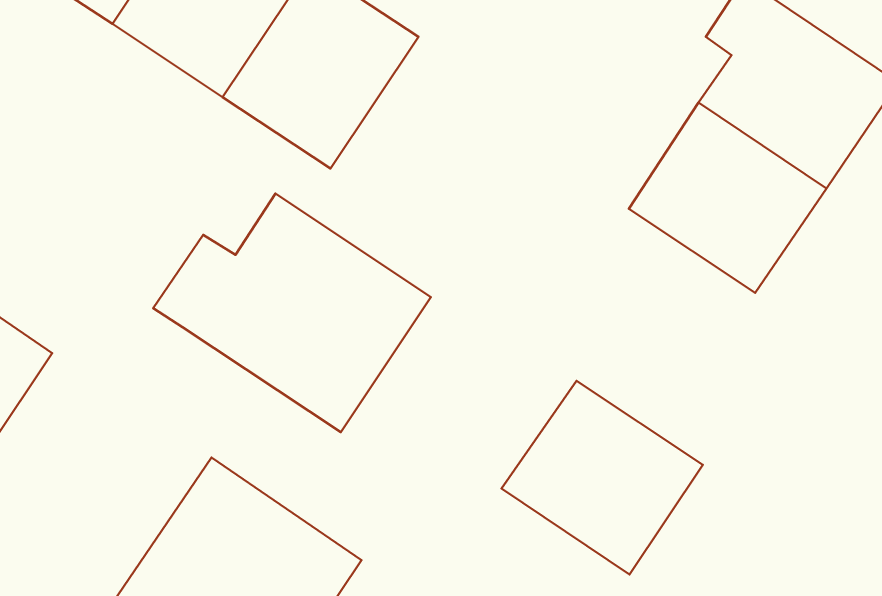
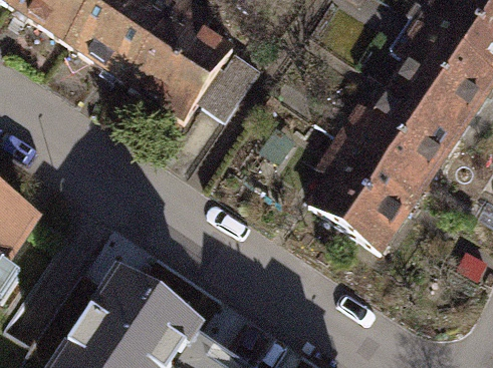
building: [153,193,431,432] -> none
building: [501,381,703,575] -> [310,142,421,249]

